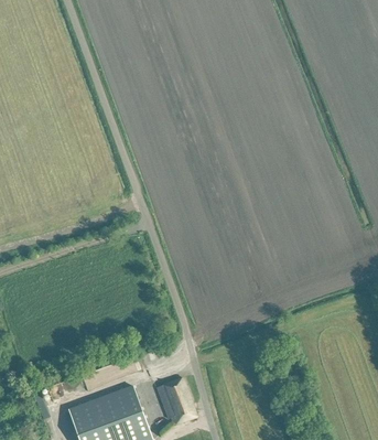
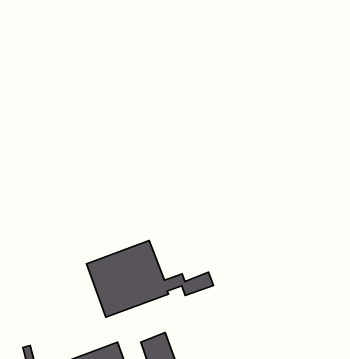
building: none -> [87,241,213,317]

